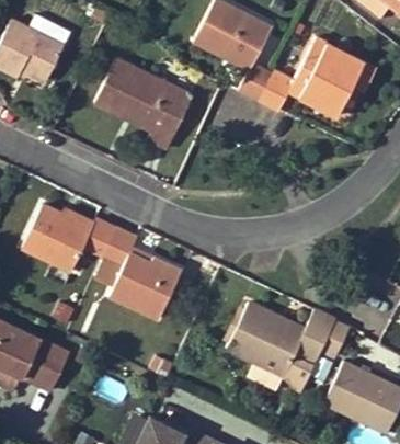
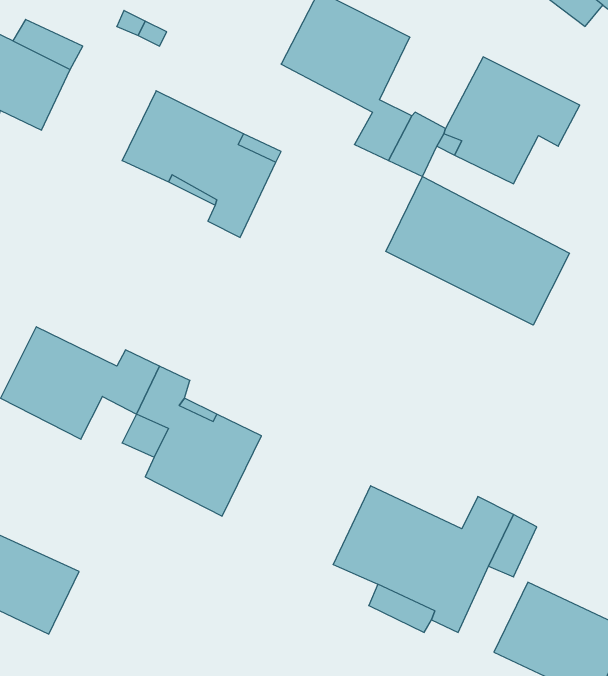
building: none -> [386,177,569,325]

